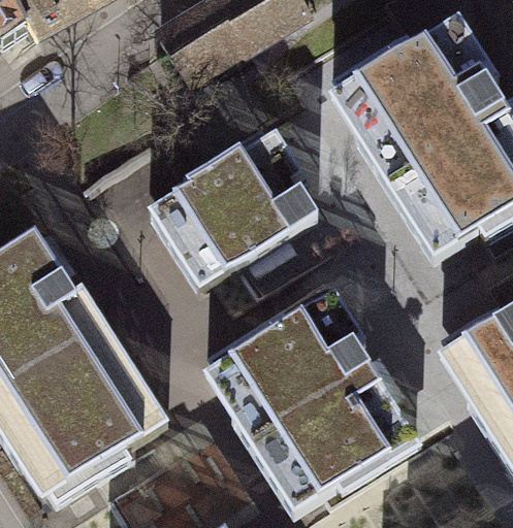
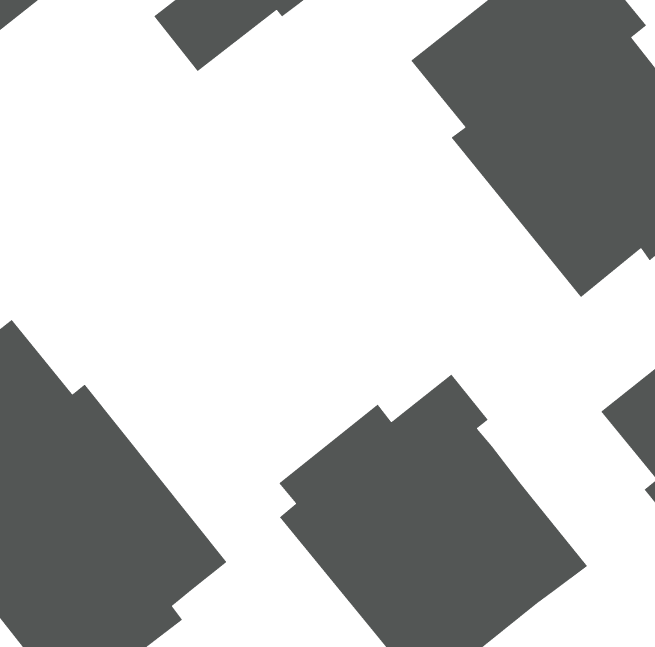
building: [145,130,319,299] -> none

